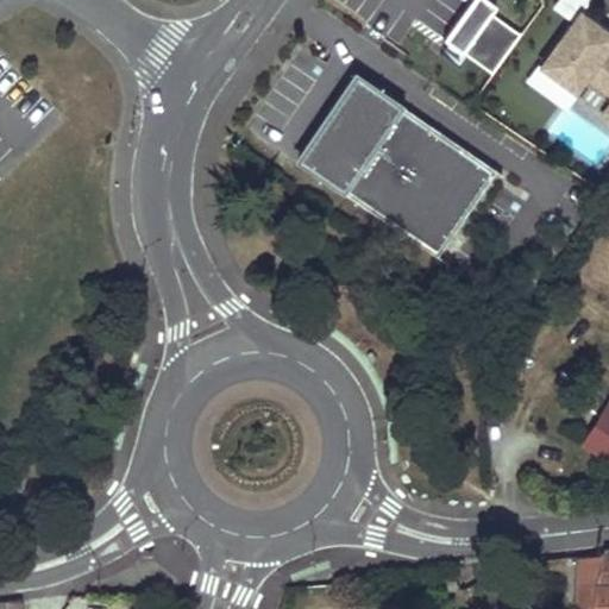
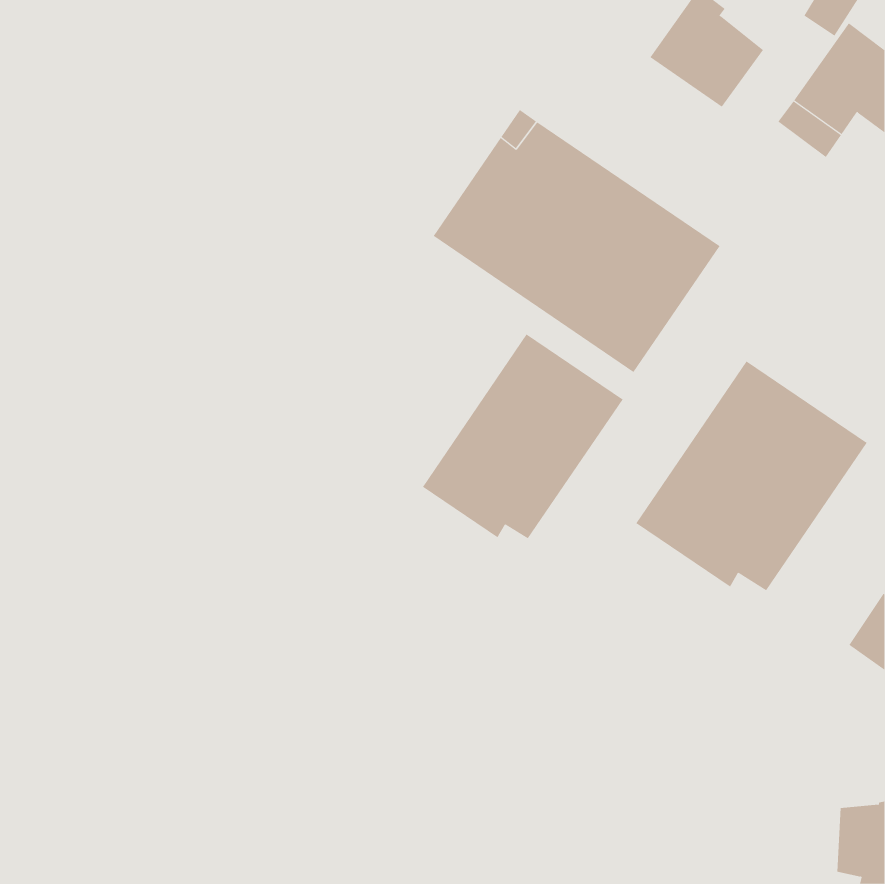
building: none -> [422,333,623,539]
building: none -> [636,360,868,591]

